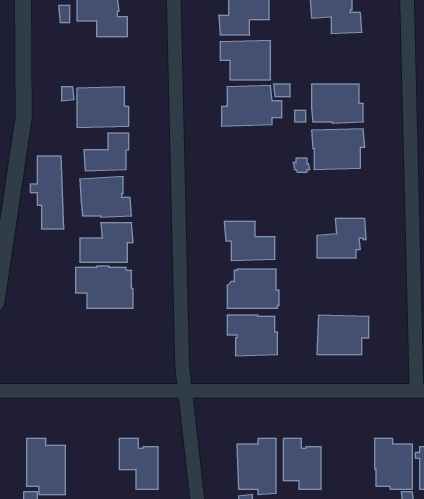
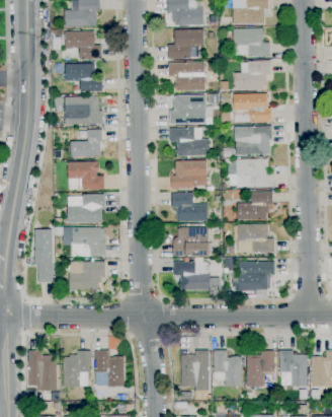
building: none -> [234,60,270,89]
building: none -> [65,63,102,91]
building: none -> [170,127,210,155]
building: [30,156,64,229] -> [29,229,54,282]
building: none -> [224,158,272,187]
building: none -> [171,159,206,189]
building: none -> [238,223,274,253]
building: none -> [69,261,105,289]
building: none -> [64,350,91,387]
building: none -> [246,350,274,387]

